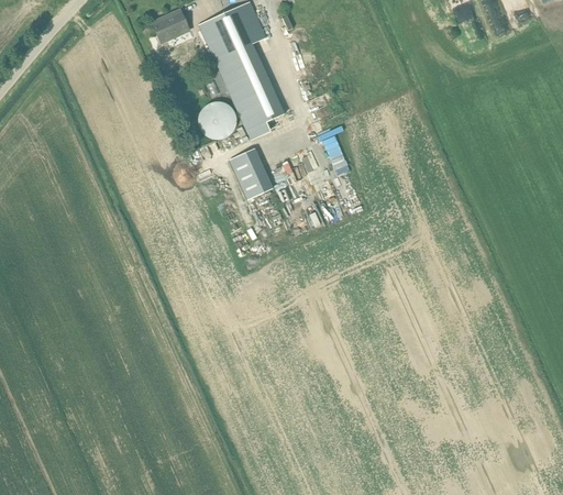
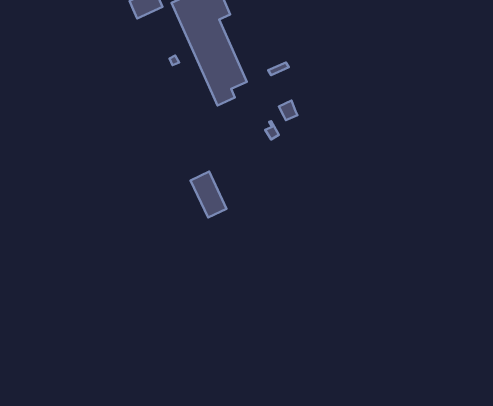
building: [198,100,236,139] -> none
building: [230,145,271,197] -> [190,172,227,218]

